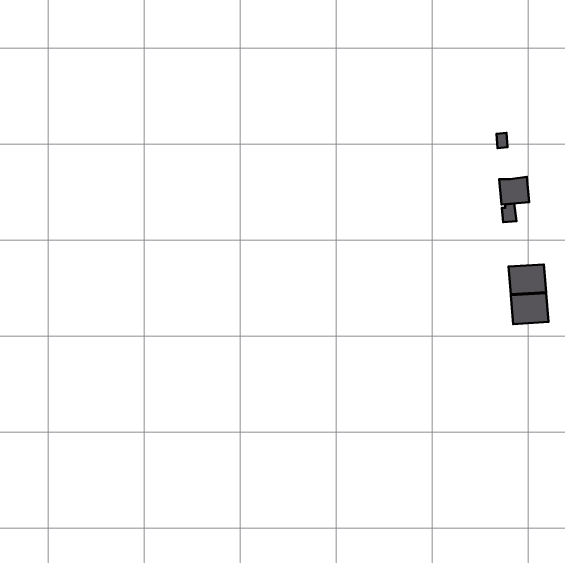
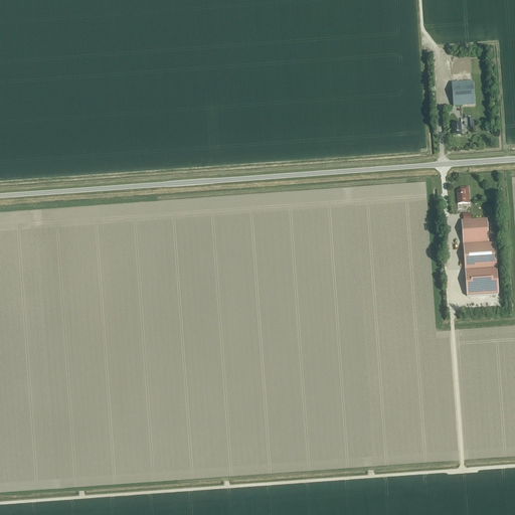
building: none -> [452,79,474,105]
building: [499,177,529,204] -> [461,216,488,241]

